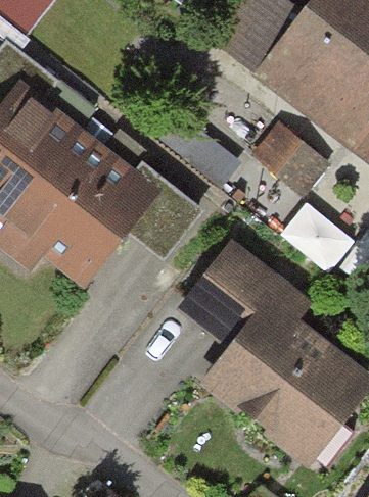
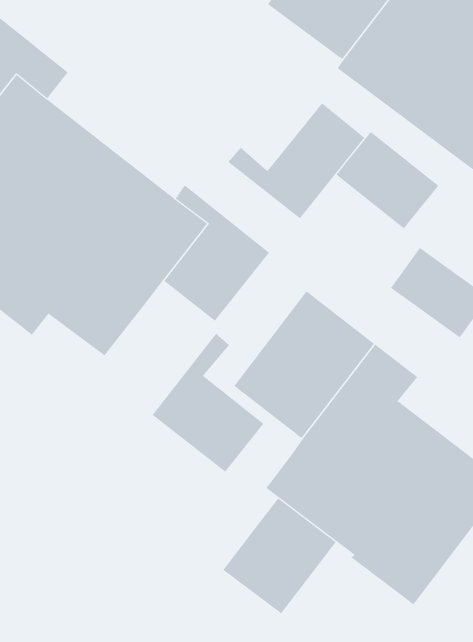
building: none -> [227,103,365,219]
building: none -> [152,333,264,473]
building: none -> [223,498,337,614]

